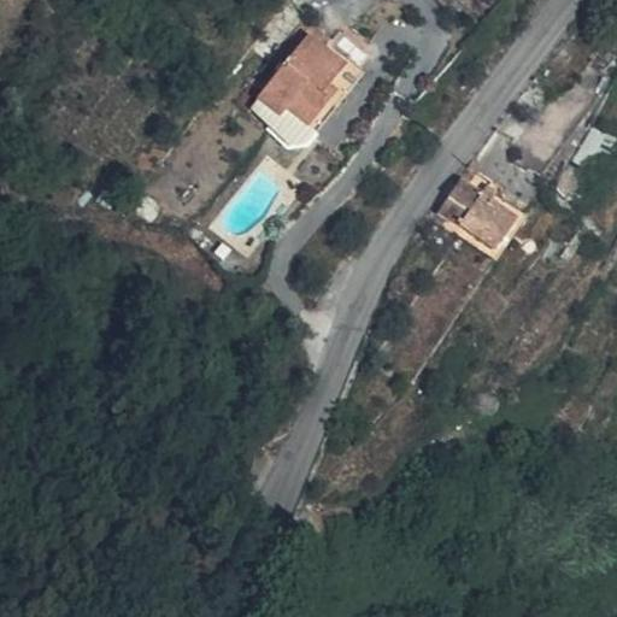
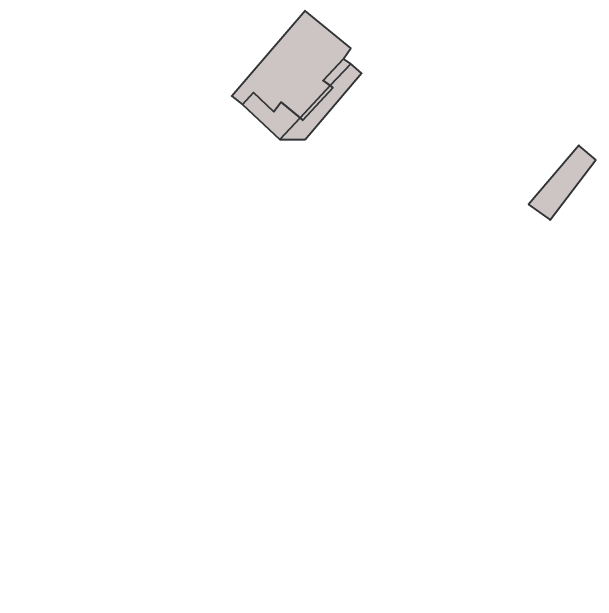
building: [440,181,516,251] -> none

